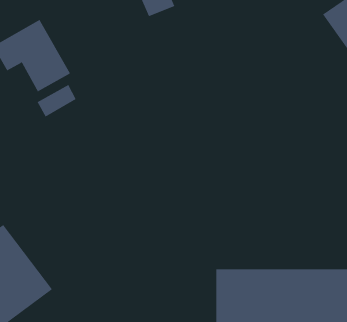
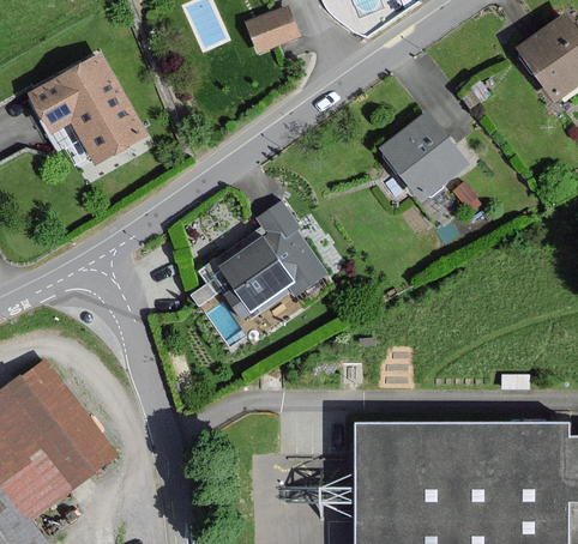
building: none -> [379,114,464,200]
building: [37,84,77,117] -> none
building: none -> [216,201,326,320]

